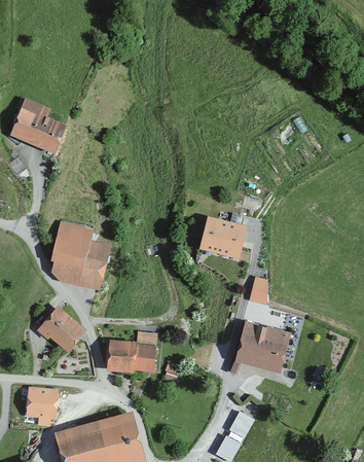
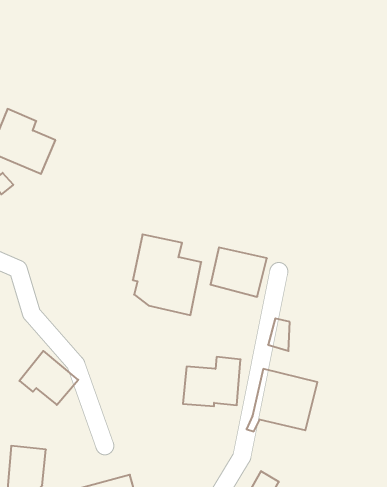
building: [50,221,109,290] -> [133,234,201,315]
building: [107,331,156,374] -> [183,357,241,406]

